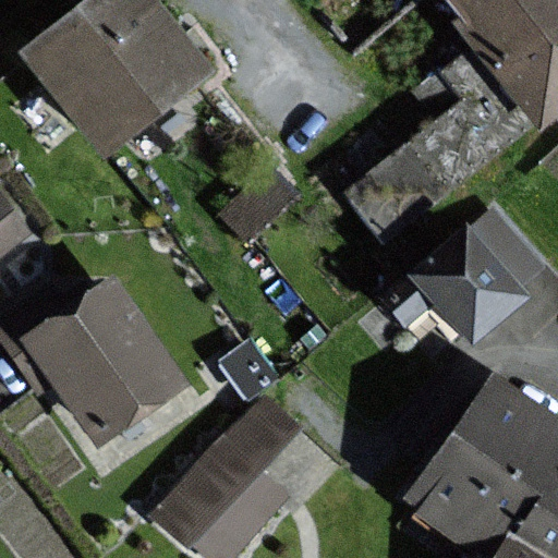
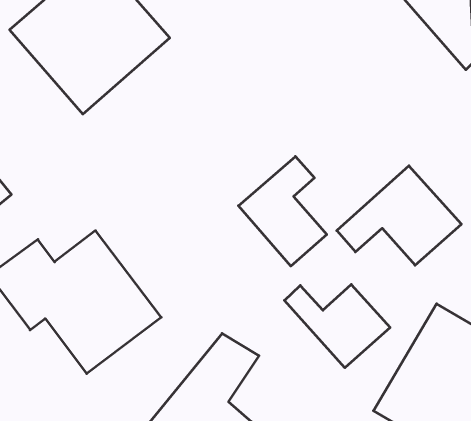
building: [348,50,531,239] -> none
building: none -> [238,156,327,266]
building: none -> [284,284,390,368]

